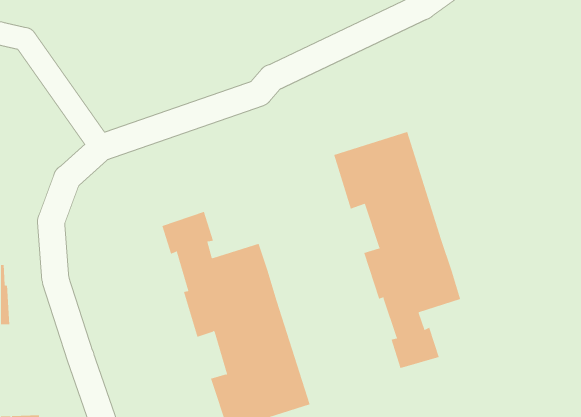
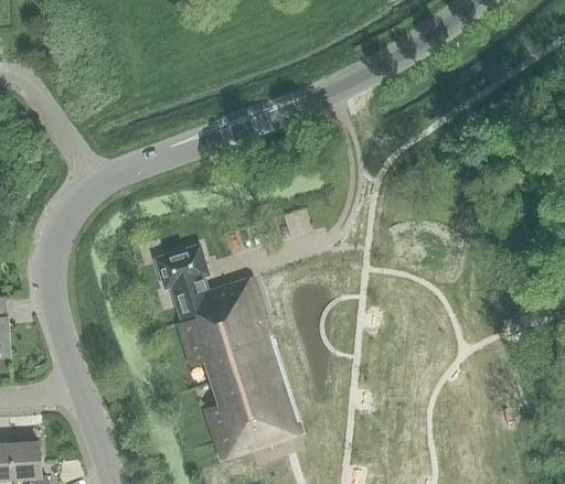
building: [334,131,461,369] -> none

